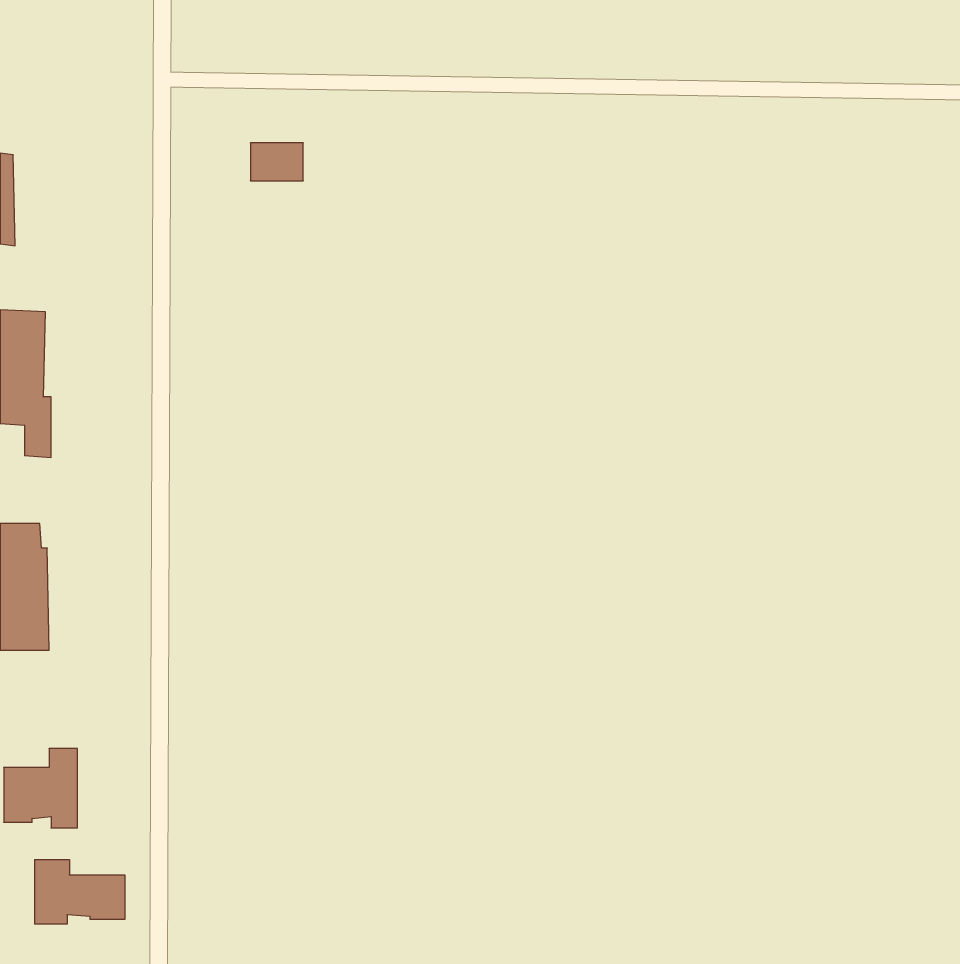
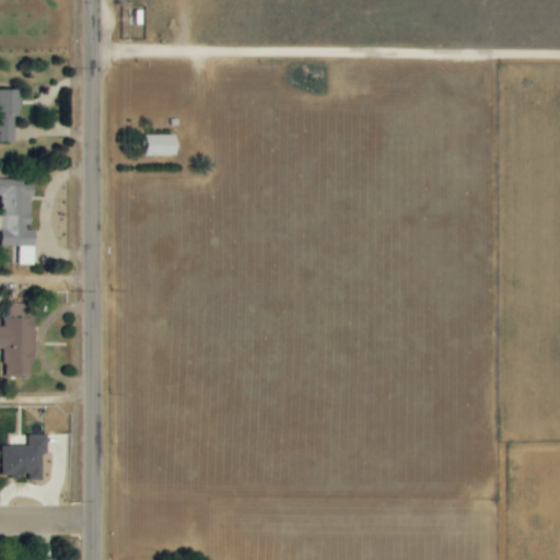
building: [250,143,303,181] -> [140,135,171,156]
building: [35,860,125,924] -> none

